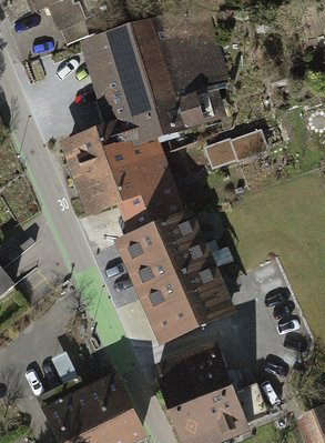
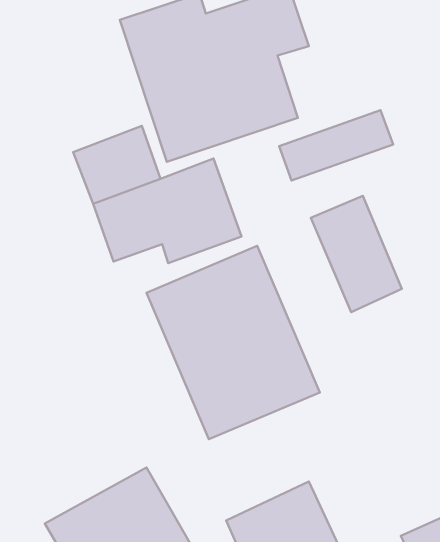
building: none -> [311,196,402,312]
building: [150,344,227,405] -> none

